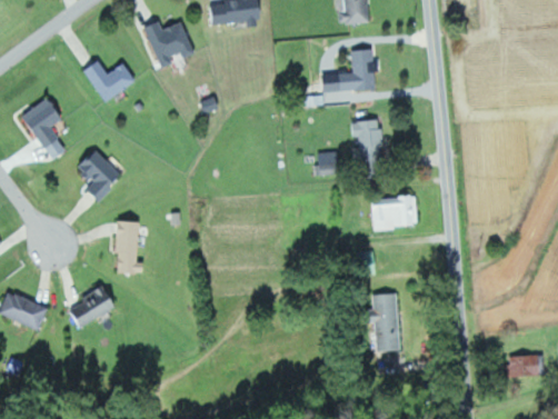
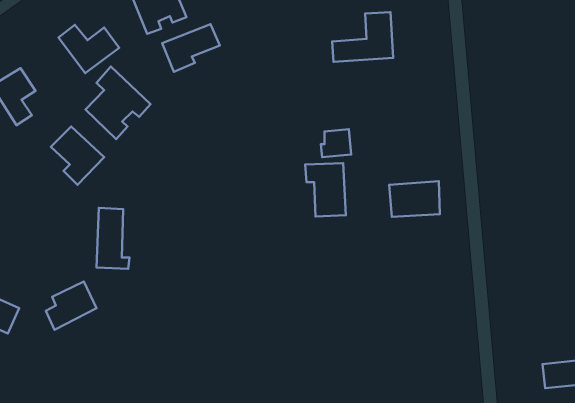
building: none -> [162,24,220,72]
building: none -> [85,66,150,139]
building: [349,120,385,167] -> [305,163,346,216]
building: [373,293,399,350] -> none

